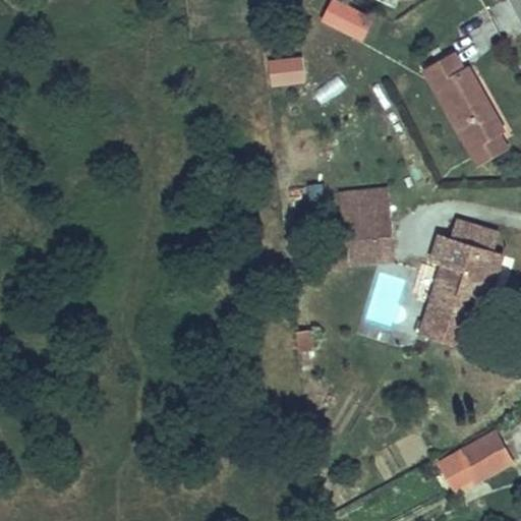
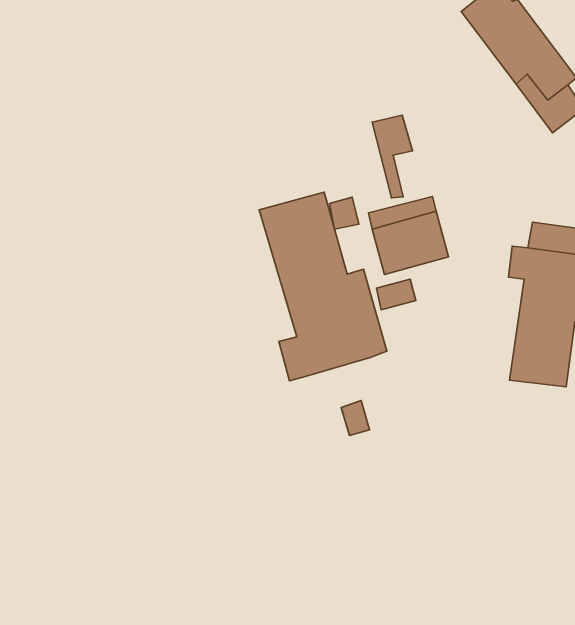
building: [267,55,305,84] -> none
building: none -> [372,115,413,198]
building: none -> [259,192,387,381]

